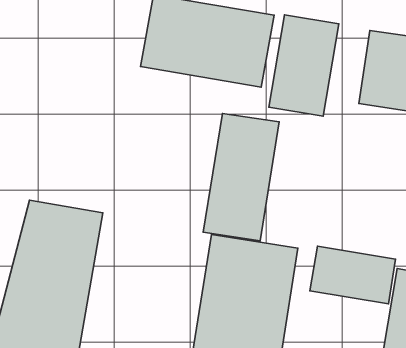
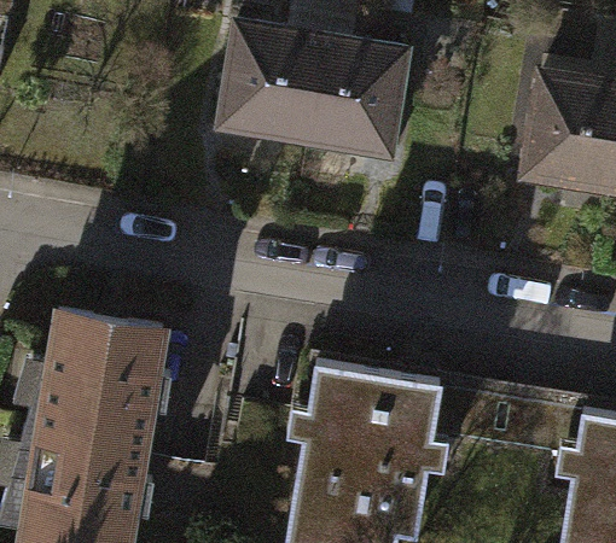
building: [269,15,339,116] -> none
building: [203,113,279,241] -> none

